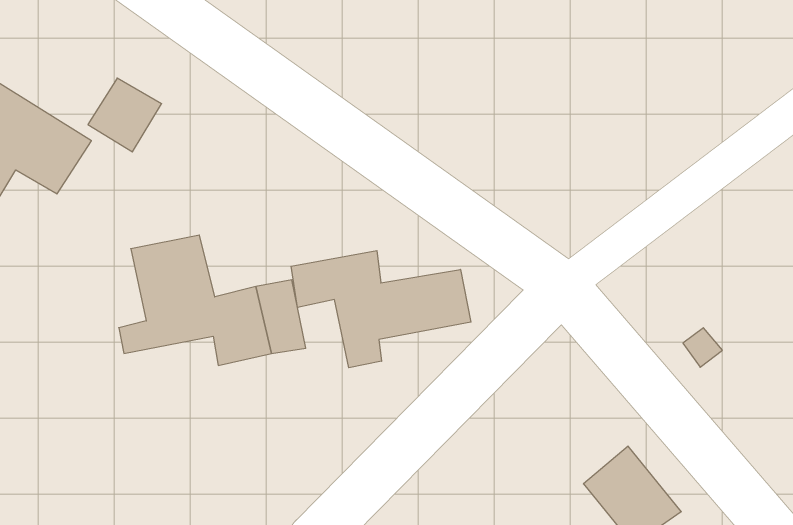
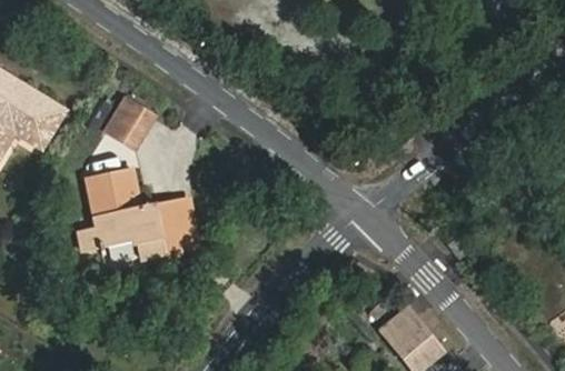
building: [88,78,162,152] -> [106,100,153,148]
building: [291,251,471,368] -> none

